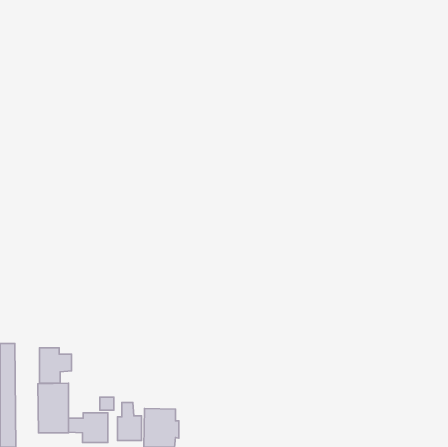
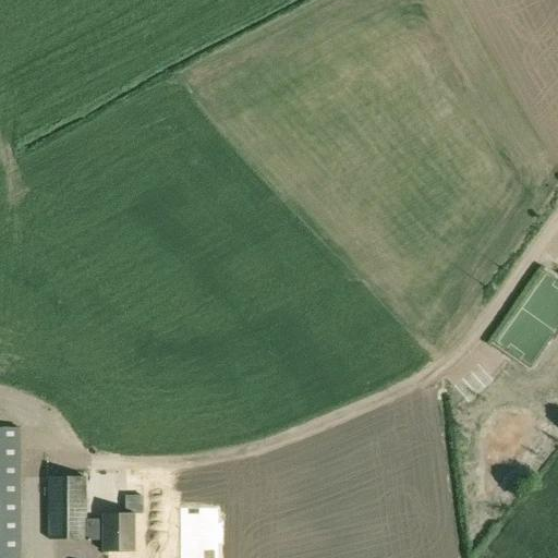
building: [39,348,71,383] -> none
building: [118,402,141,440] -> none

